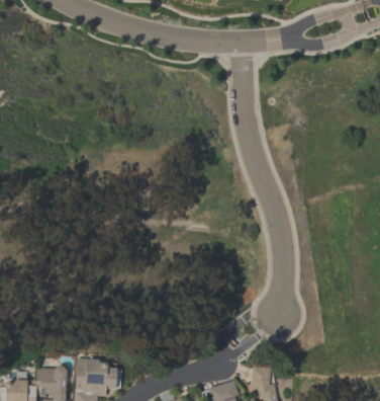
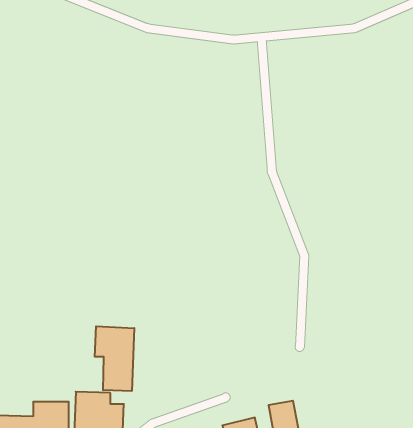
building: none -> [95,326,134,391]

